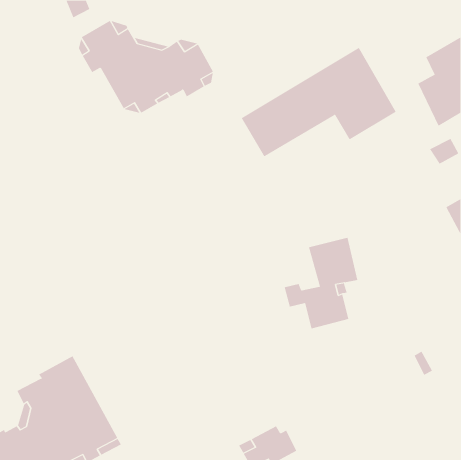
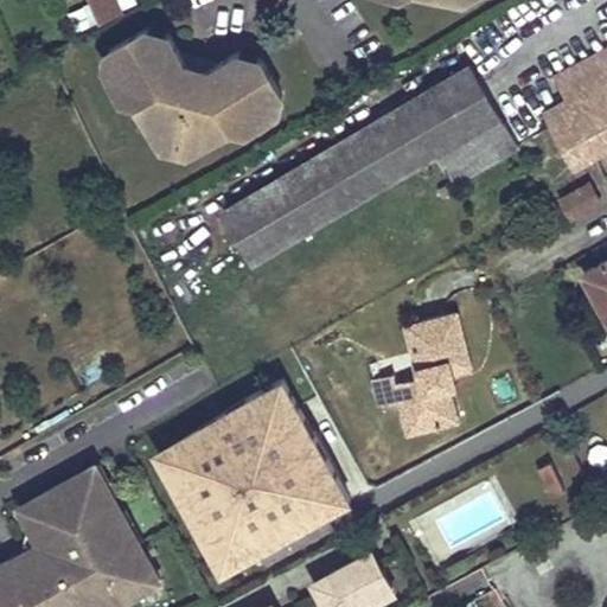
building: none -> [222,160,344,266]
building: none -> [156,381,346,569]

